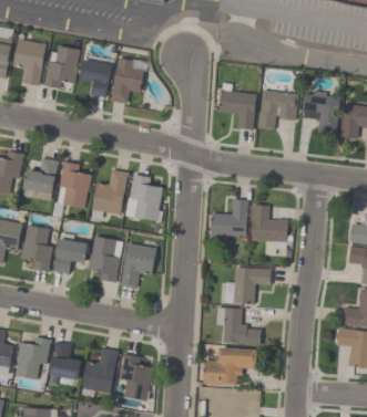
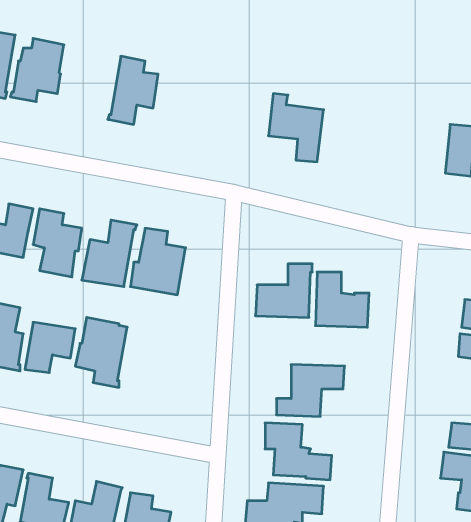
building: [79,60,111,97] -> none
building: [257,90,298,131] -> none
building: [302,92,340,134] -> none
building: [119,243,155,288] -> none

